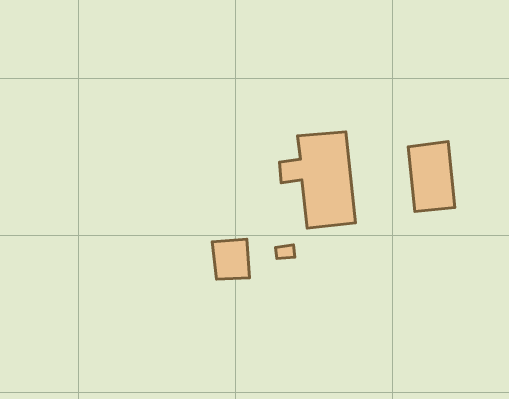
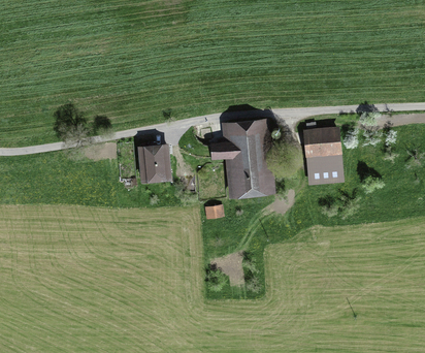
building: [212,239,250,279] -> [138,147,166,176]

